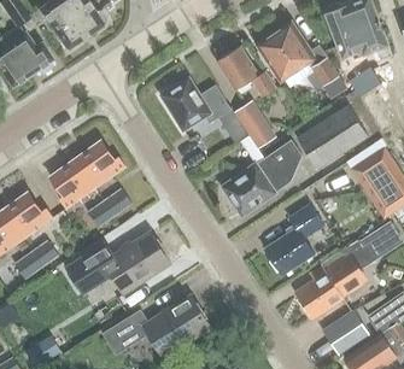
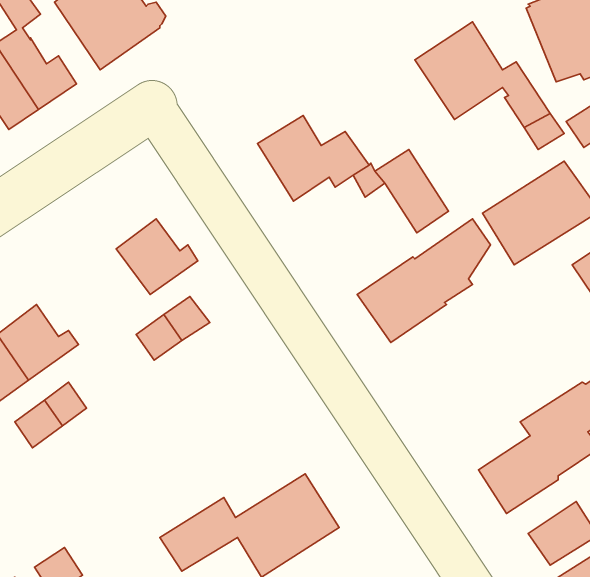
building: [216,45,275,95] -> none
building: [49,158,95,207] -> none
building: [264,204,323,274] -> none
building: [65,230,169,293] -> none

